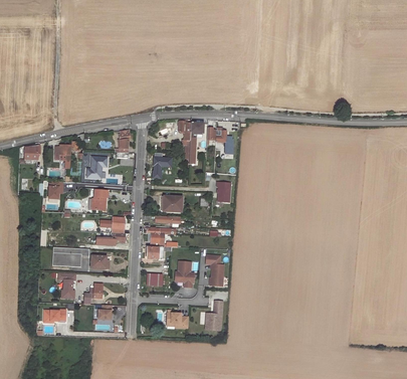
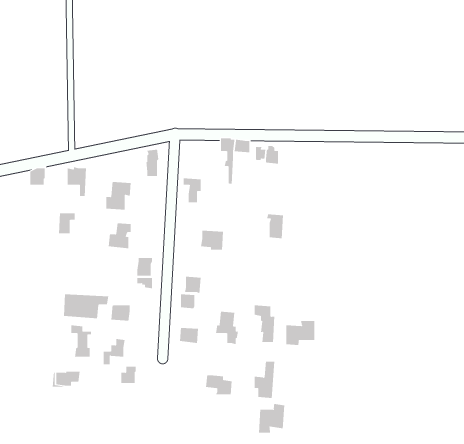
building: none -> [286,320,315,346]
building: none -> [258,403,285,433]

